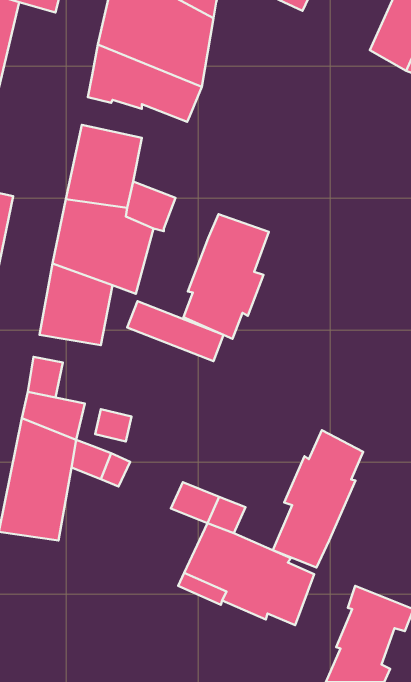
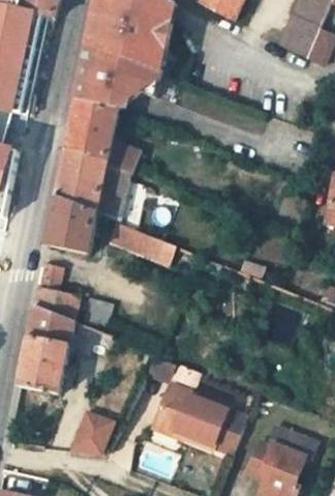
building: none -> [77,78,122,107]
building: [184,214,269,339] -> none
building: [273,430,363,567] -> none
building: none -> [69,416,113,456]

